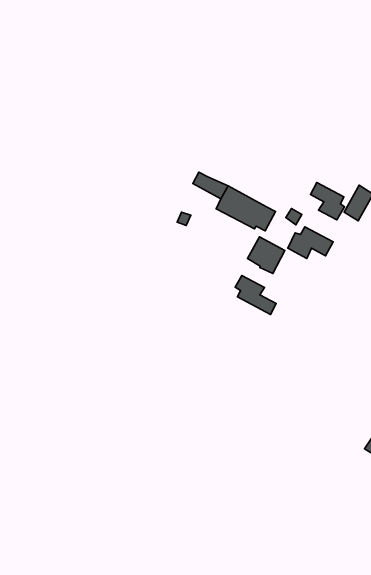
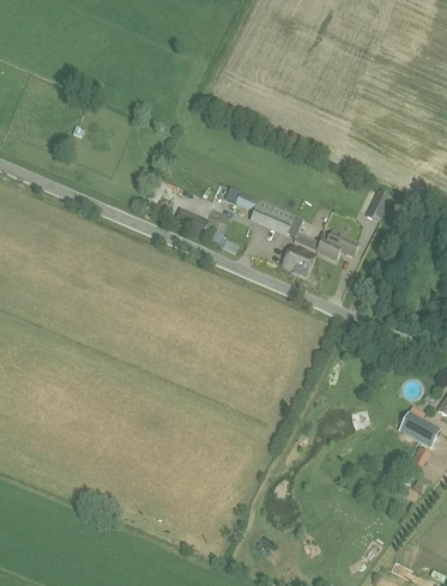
building: [310,182,344,220] -> none
building: [235,276,276,314] -> none

